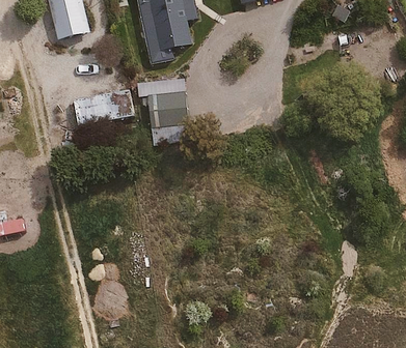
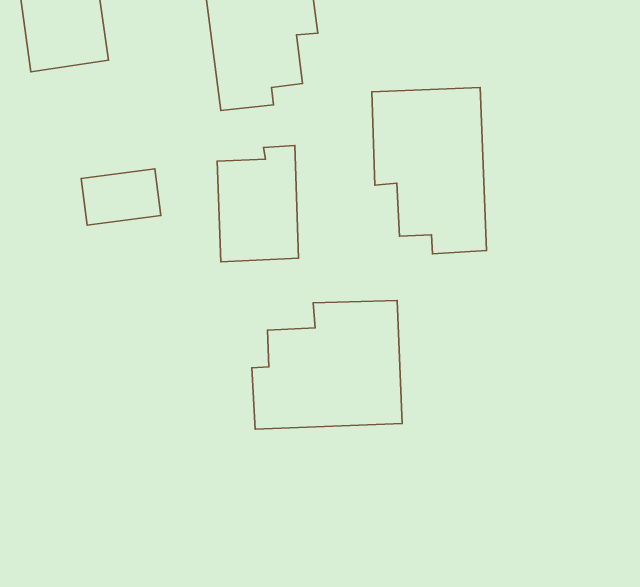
building: none -> [372,87,487,254]
building: none -> [252,300,402,429]

